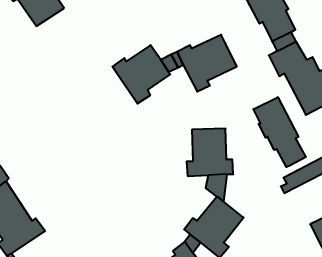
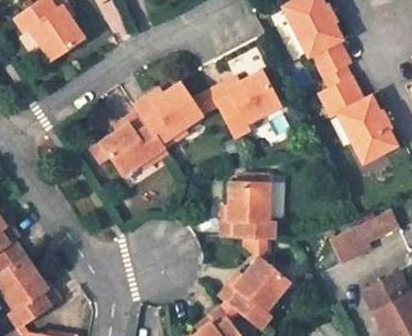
building: none -> [103,110,169,176]
building: [253,97,306,167] -> none

